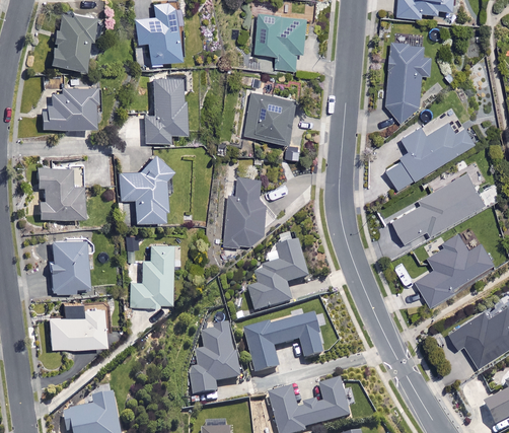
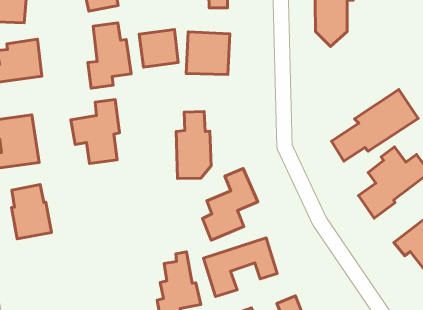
building: none -> [139,30,178,67]
building: [386,123,475,191] -> none
building: [133,246,172,307] -> none
building: [48,303,105,348] -> none

